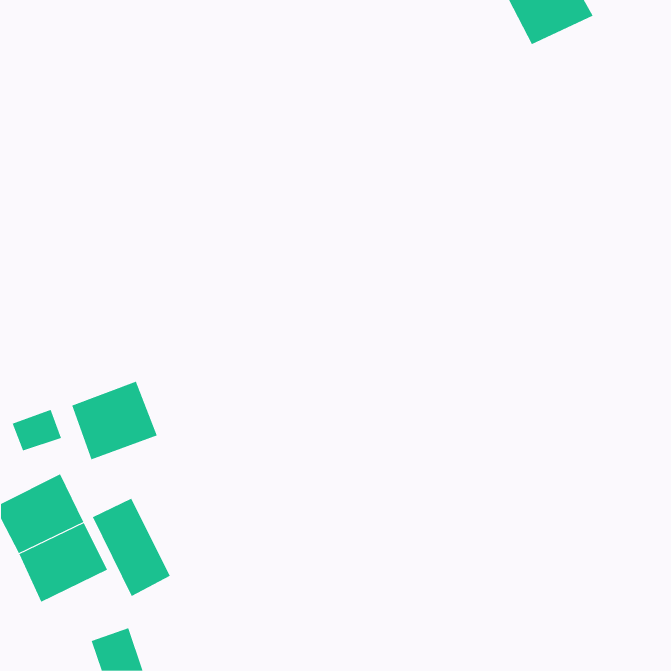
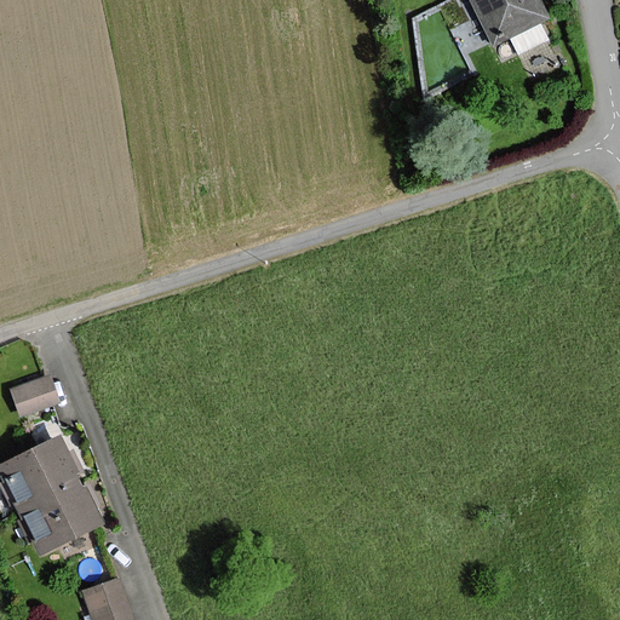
building: [71,381,158,460] -> none
building: [92,498,170,597] -> none

